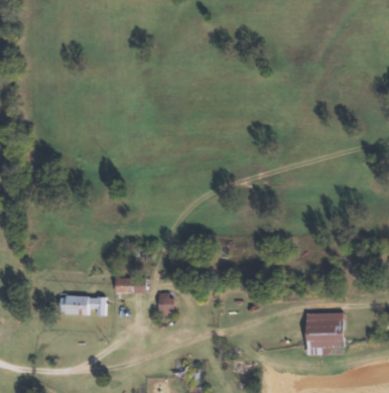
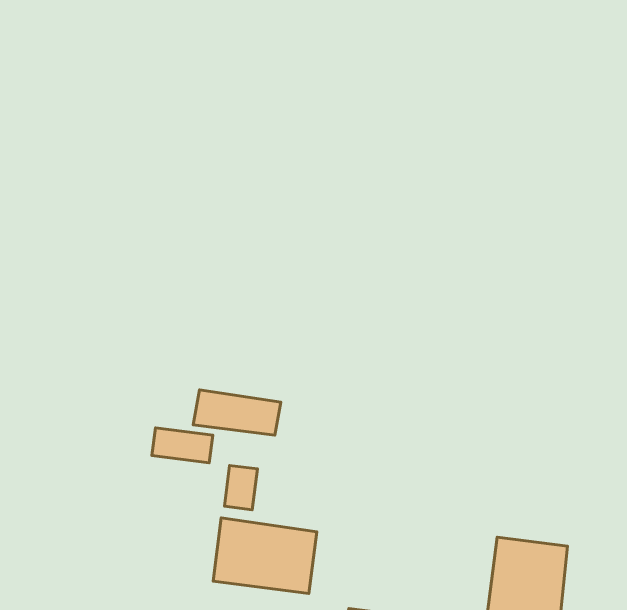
building: [60,295,106,314] -> [193,390,281,435]
building: none -> [213,518,317,594]

